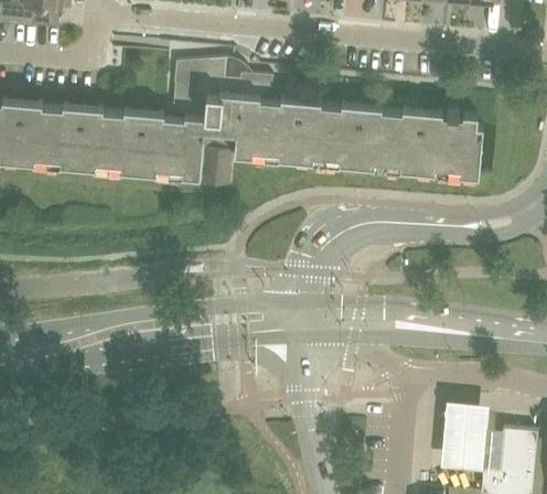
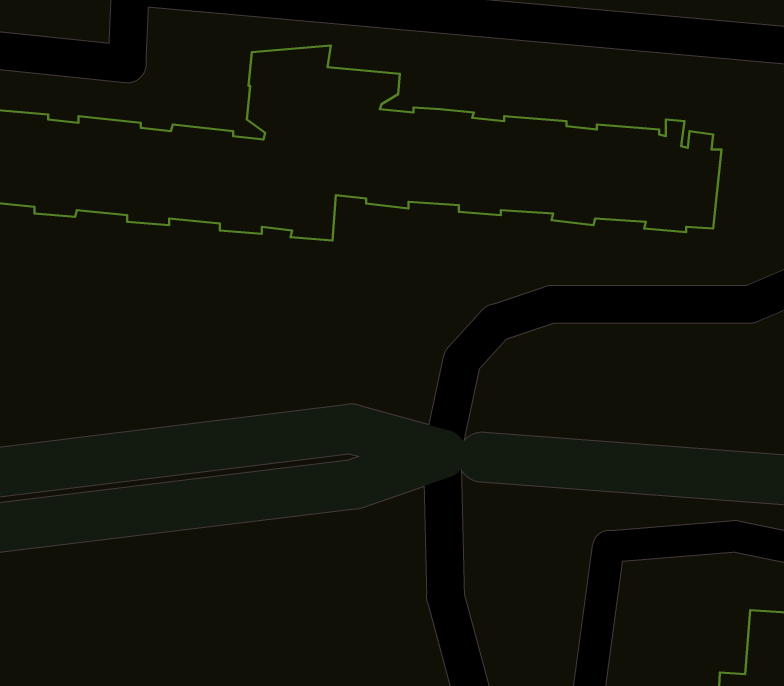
building: [440,402,503,472] -> none

